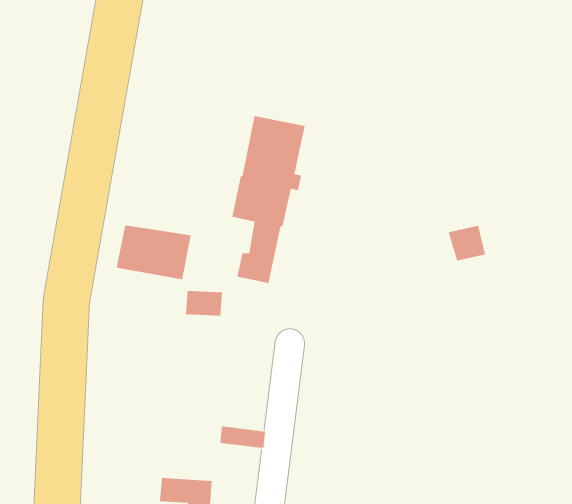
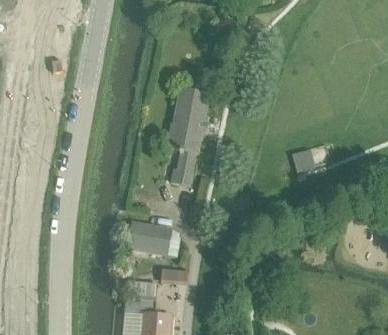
building: [116,225,191,280] -> [128,223,172,255]

